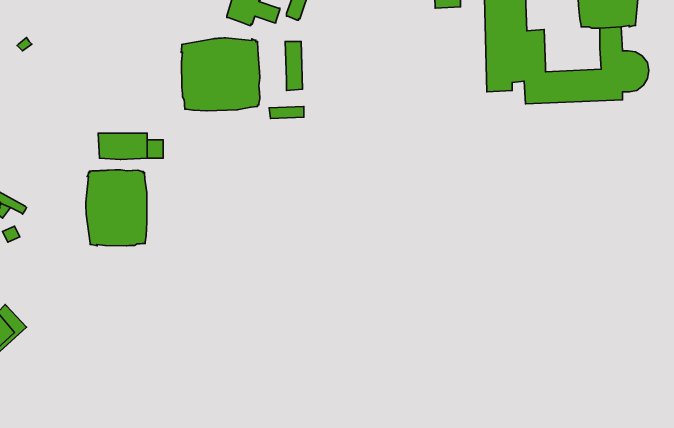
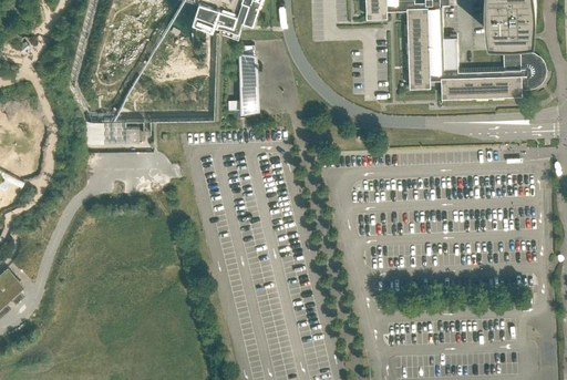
building: [181,38,260,111] -> none
building: [86,170,147,246] -> none

